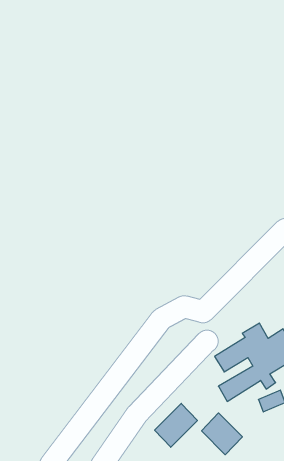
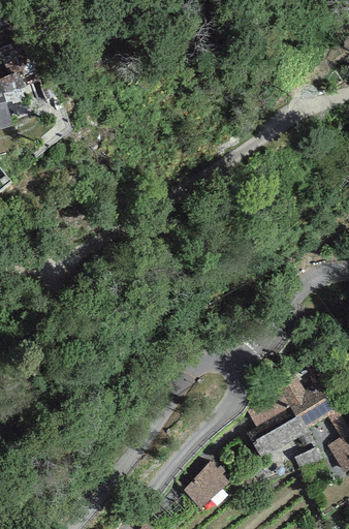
building: [202,413,242,455] -> none

